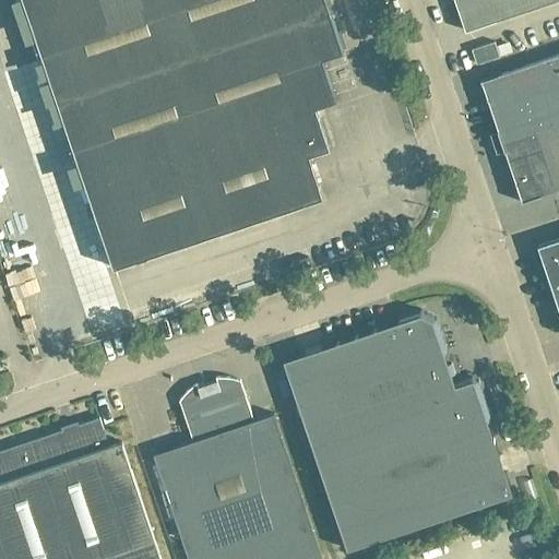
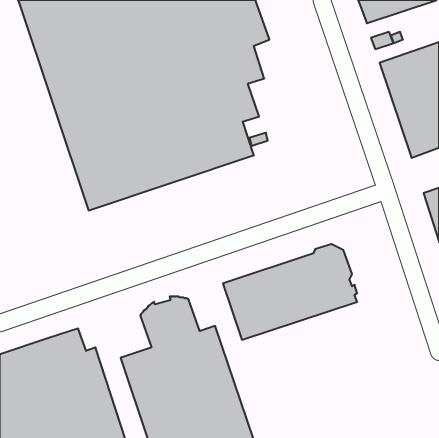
building: [307,379,511,552] -> none

